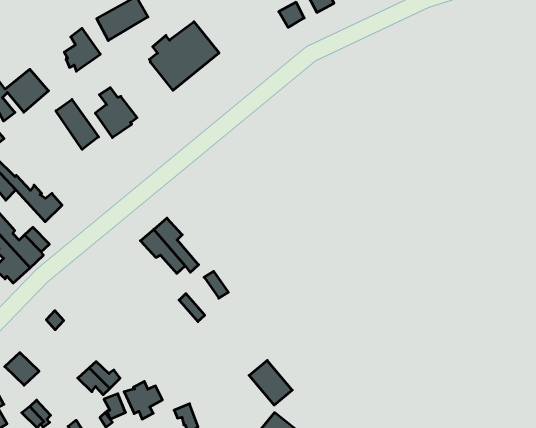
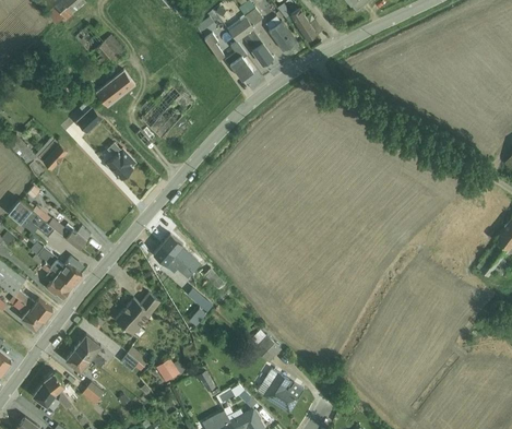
building: [56,99,99,149] -> none
building: none -> [115,291,160,335]
building: none -> [74,334,105,369]

